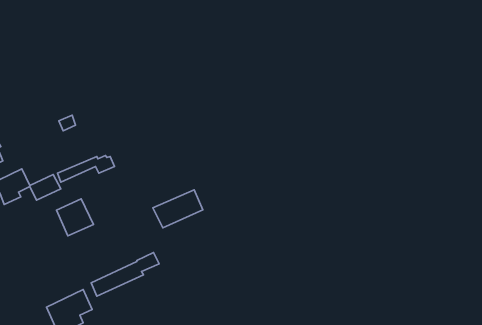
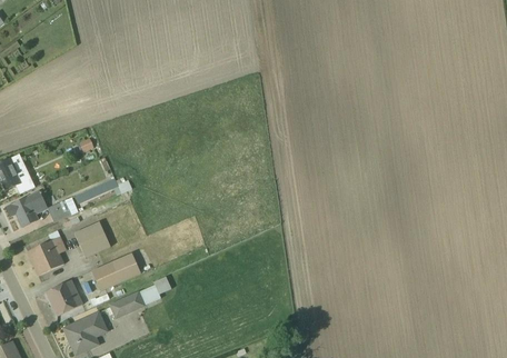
building: [153,190,203,228] -> [90,253,140,291]
building: none -> [27,230,66,276]
building: none -> [46,280,83,317]

